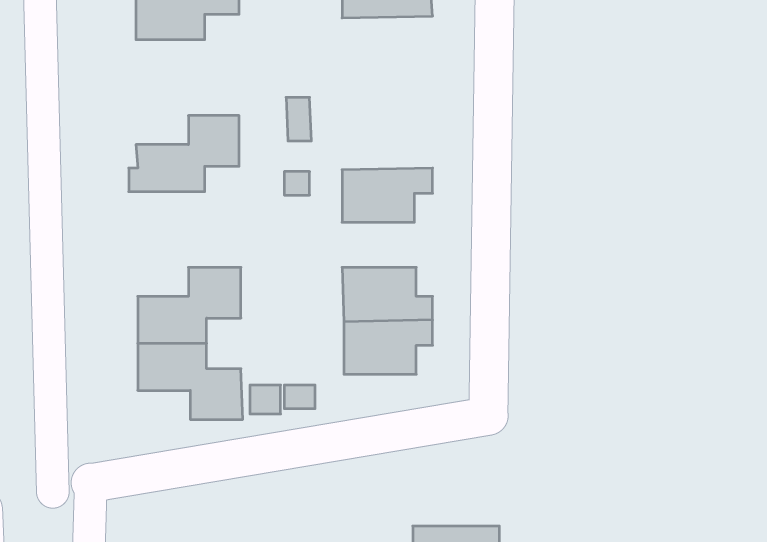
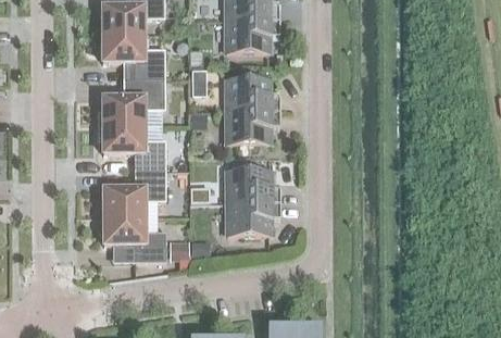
building: none -> [226,17,280,50]
building: none -> [102,32,164,77]
building: none -> [226,77,280,110]
building: none -> [98,123,165,168]

